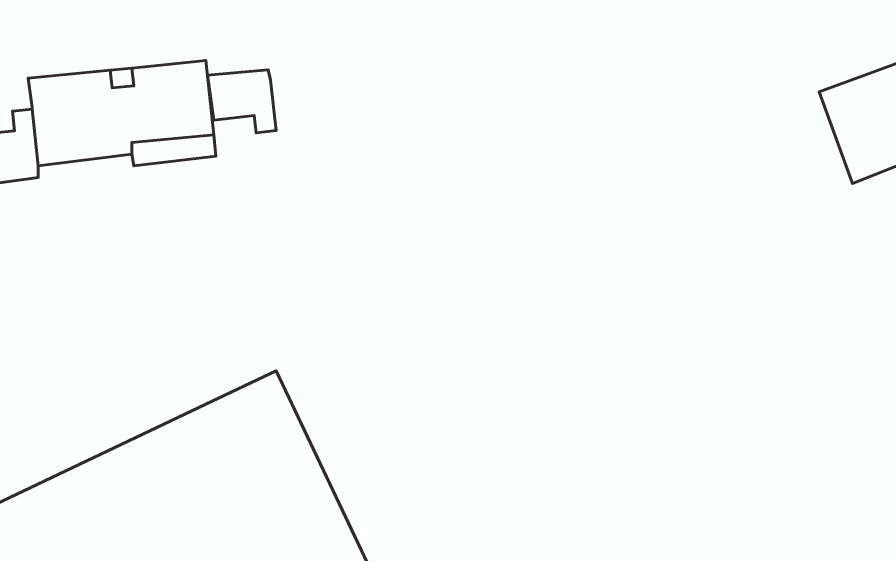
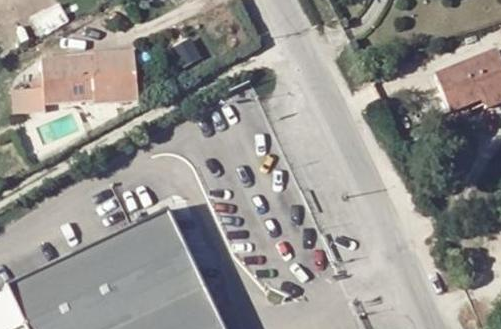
building: [208,70,276,133] -> none

